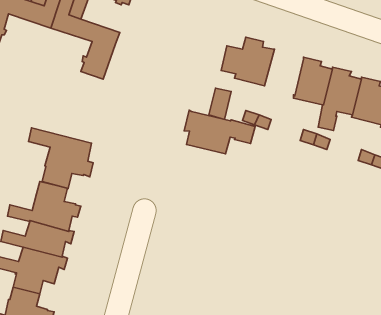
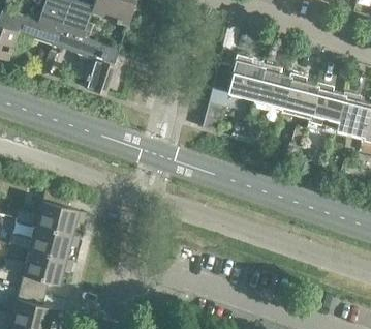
building: none -> [254,64,290,110]
building: [184,110,255,154] -> none
building: [28,128,93,188] -> none

